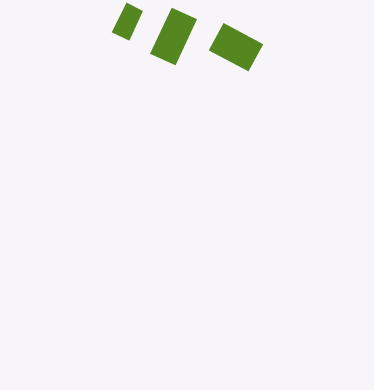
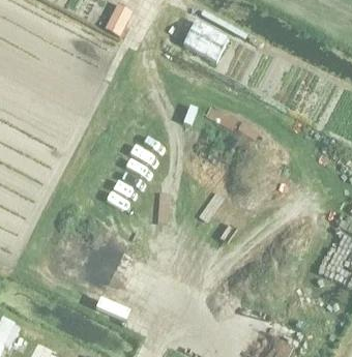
building: [149,7,198,66] -> none

